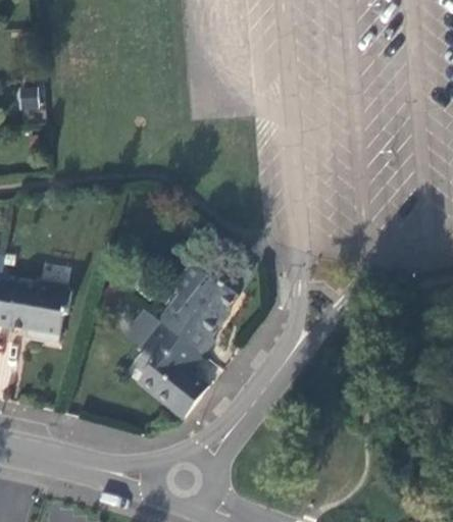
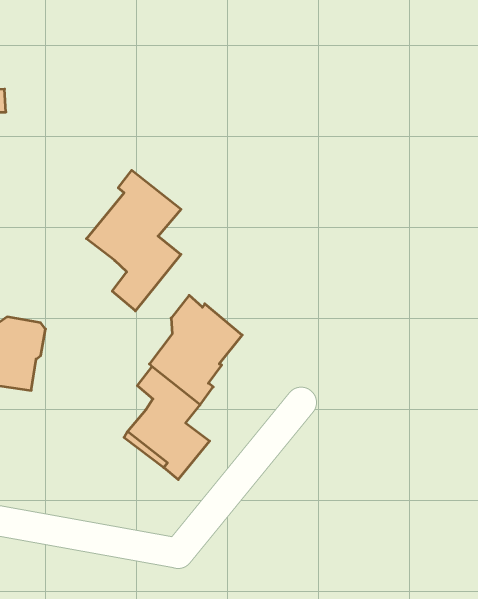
building: none -> [86,170,181,311]
building: [125,310,160,359] -> none

